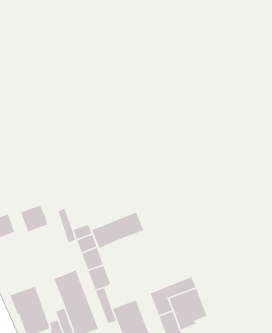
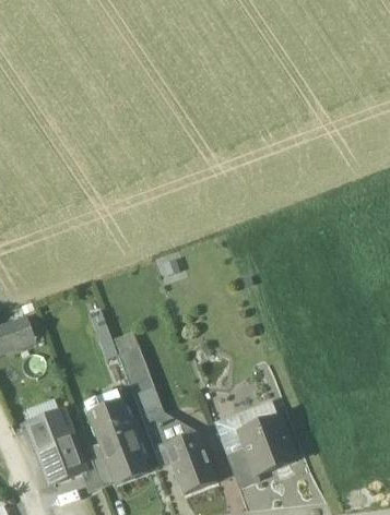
building: [20,205,48,233] -> none
building: [91,211,144,249] -> none
building: none -> [156,411,188,444]

